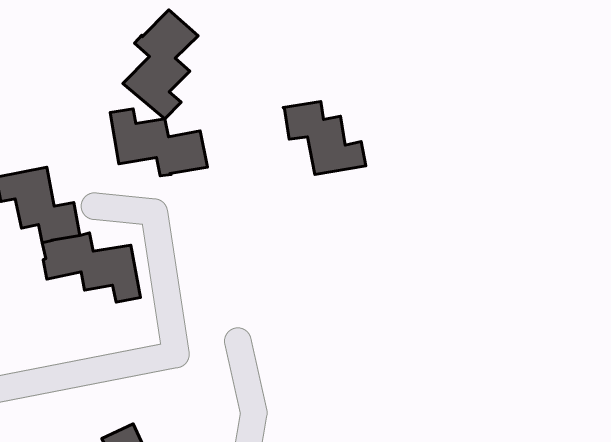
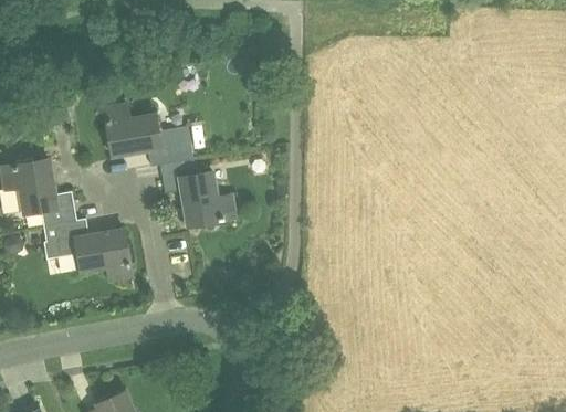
building: [123,10,198,119] -> none
building: [283,101,366,174] -> [158,158,233,224]

